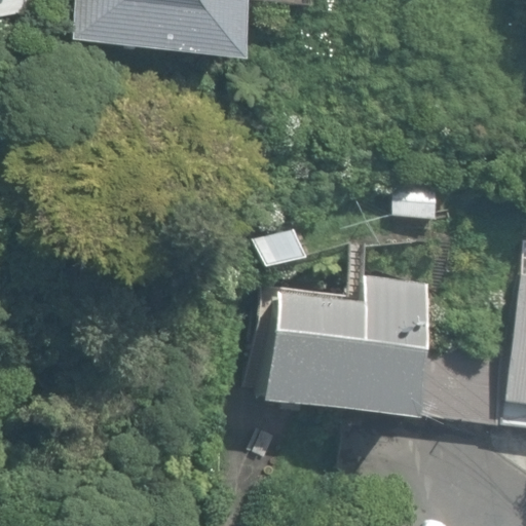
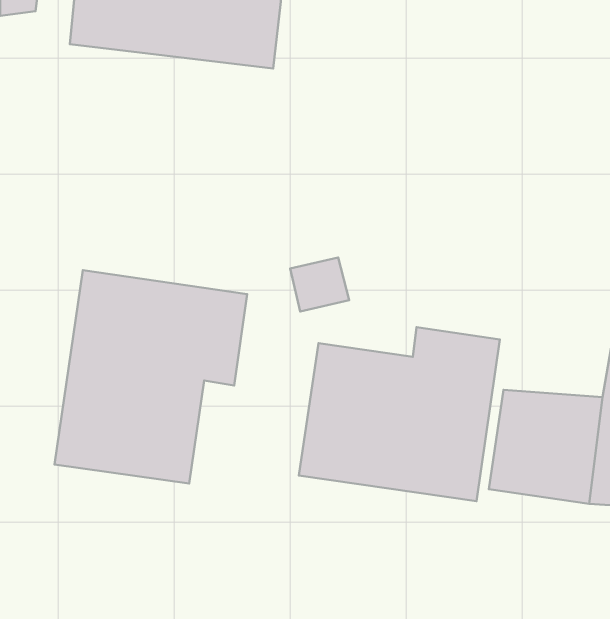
building: none -> [55,270,247,484]

